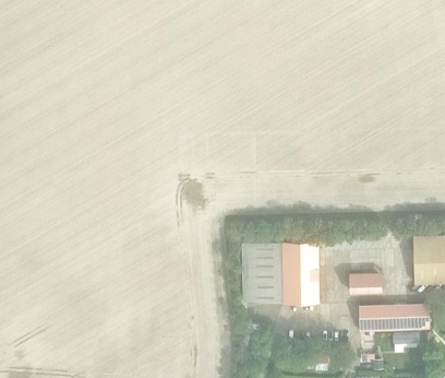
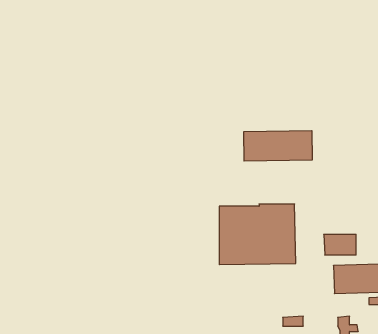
building: none -> [244,131,312,161]

